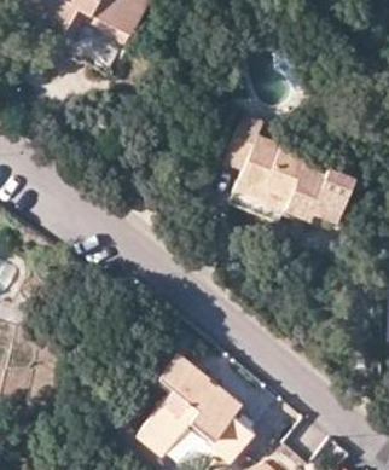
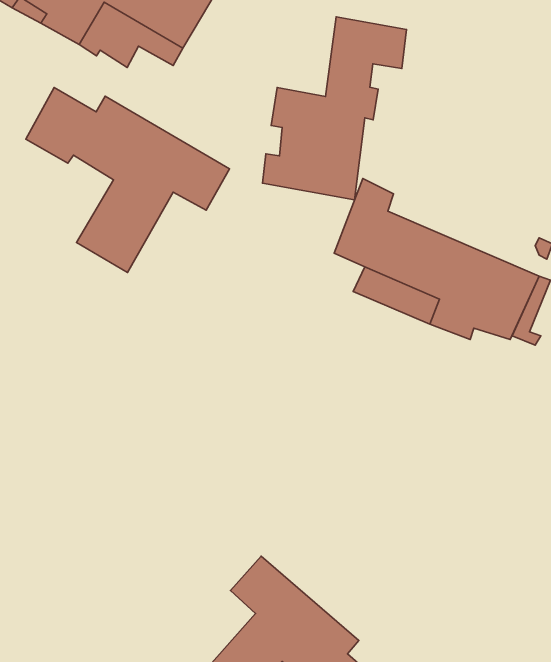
building: none -> [262,17,406,200]
building: none -> [26,88,230,272]

